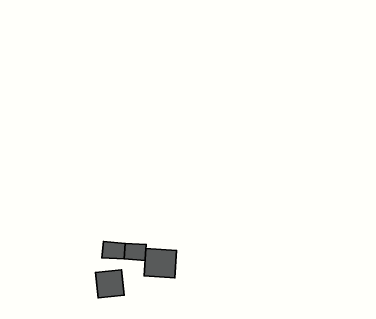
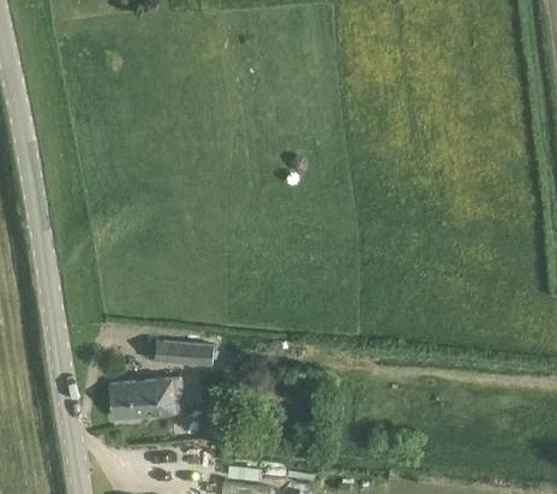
building: [144,249,176,278] -> none
building: none -> [110,382,150,419]

